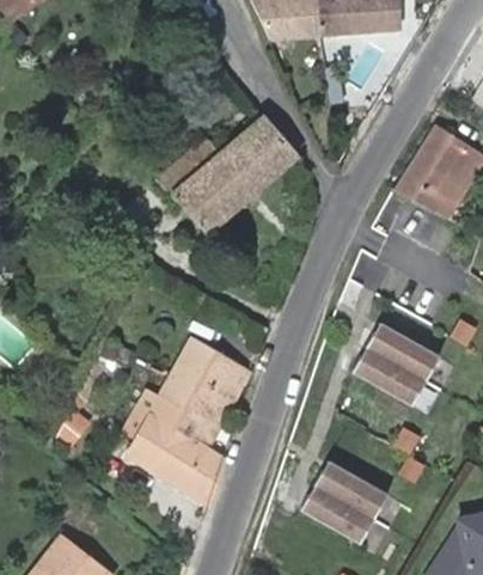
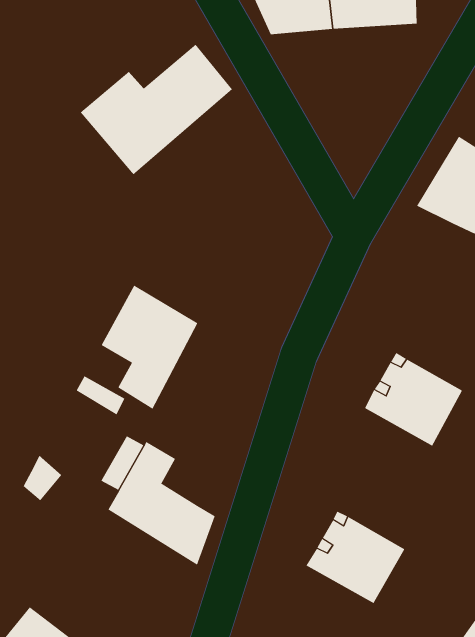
building: [160,118,294,233] -> [80,44,233,175]
building: [161,342,246,451] -> [101,285,198,409]

